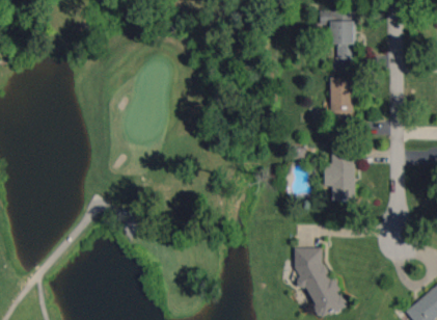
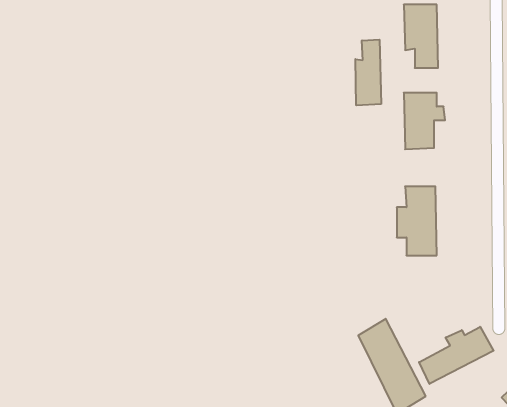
building: none -> [355,40,381,105]
building: none -> [419,327,494,384]

